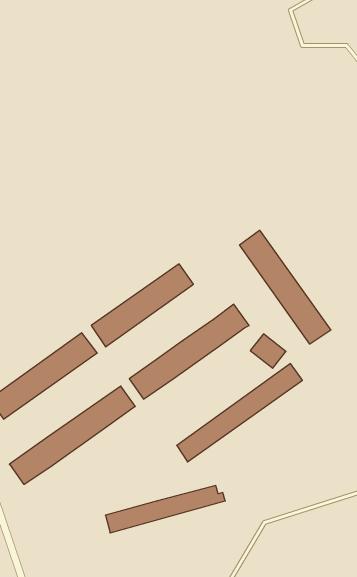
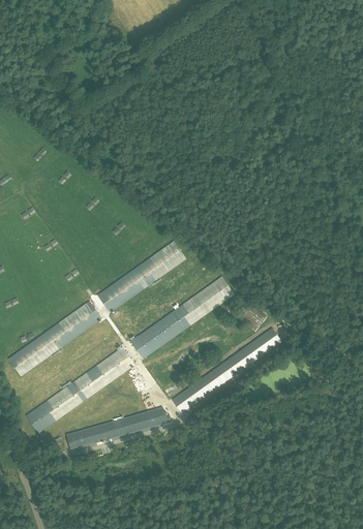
building: [240,230,331,344] -> none
building: [105,486,225,533] -> [67,408,172,449]

